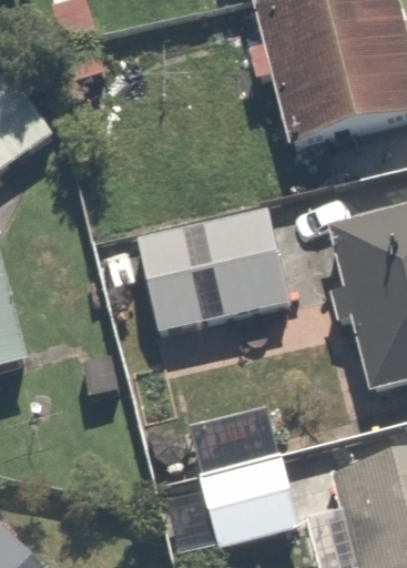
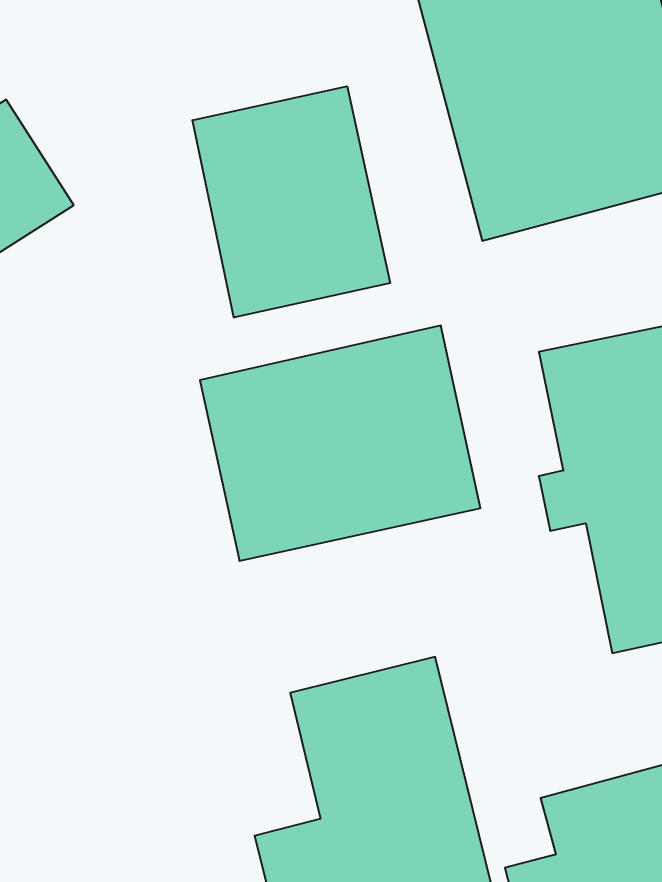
building: none -> [192,86,390,318]

